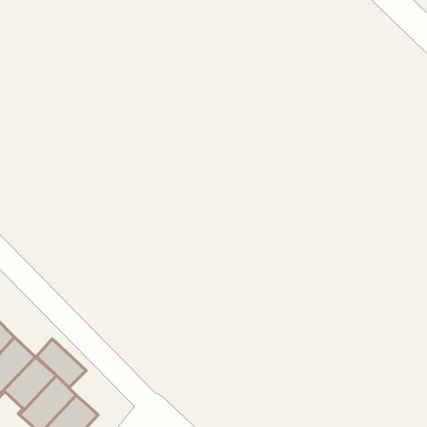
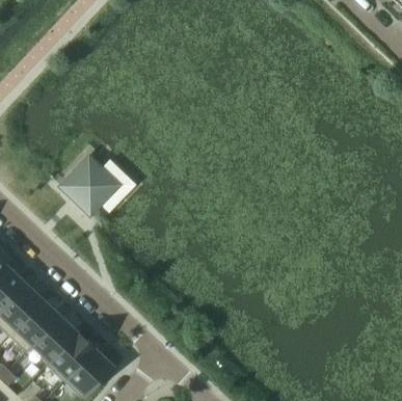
building: none -> [60,156,118,214]
building: [36,339,86,388] -> none

